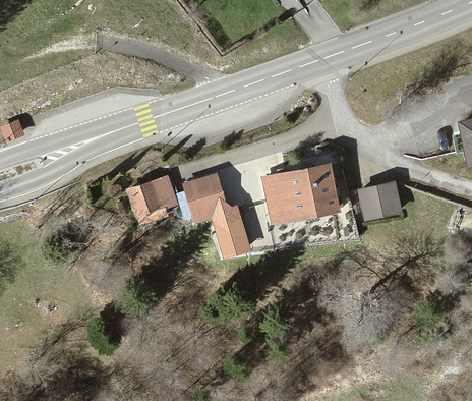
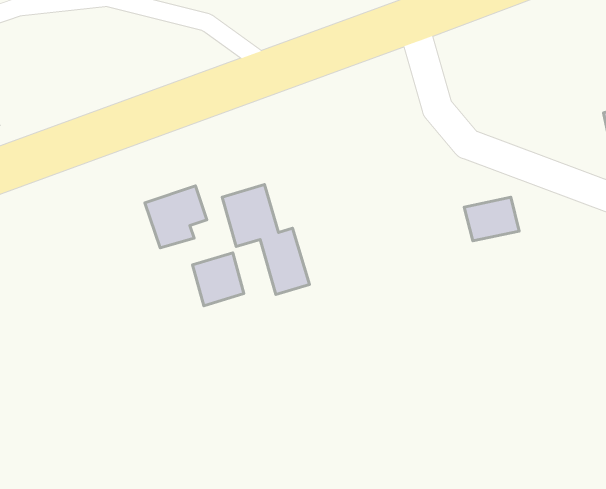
building: [267,169,338,221] -> none
building: none -> [193,253,244,306]

